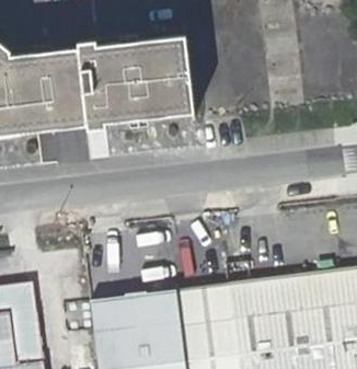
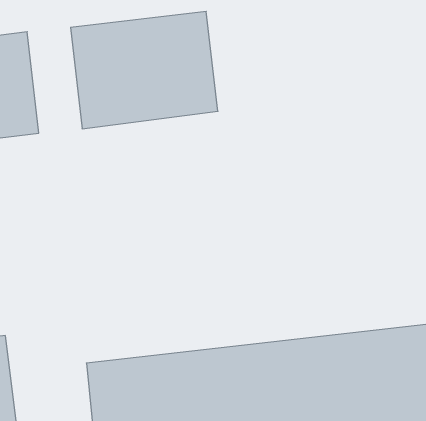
building: [48,47,90,127] -> none

